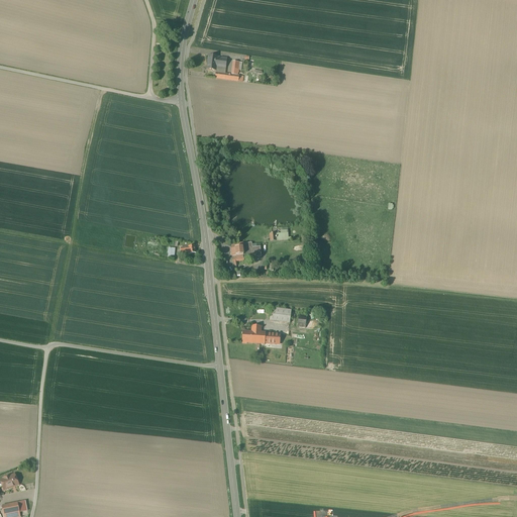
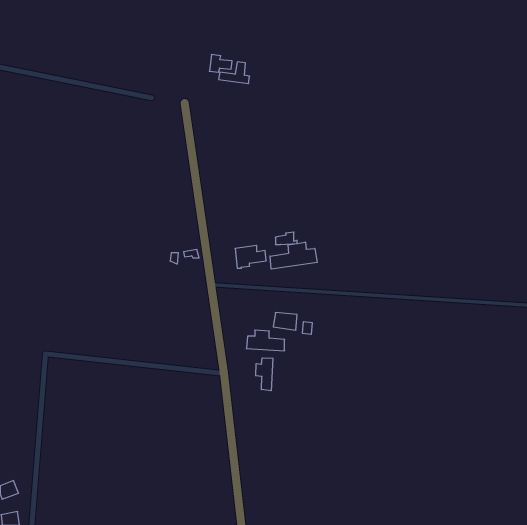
building: none -> [270,242,317,269]
building: none -> [256,358,273,391]

